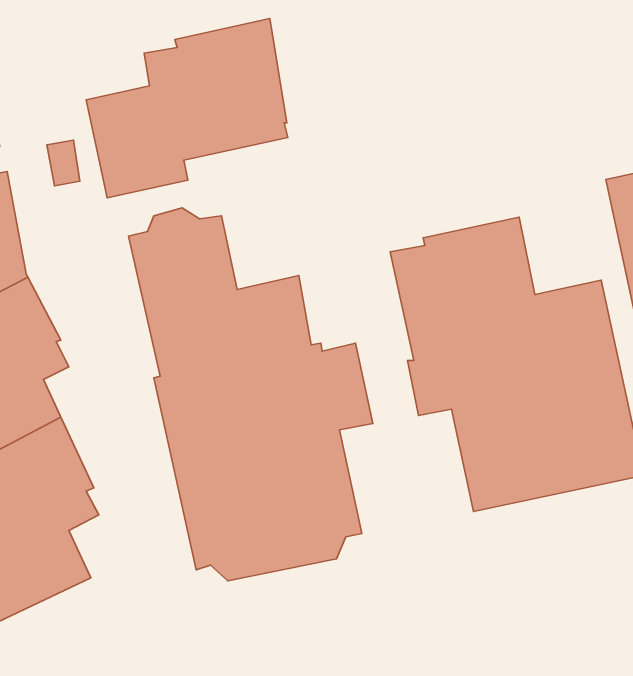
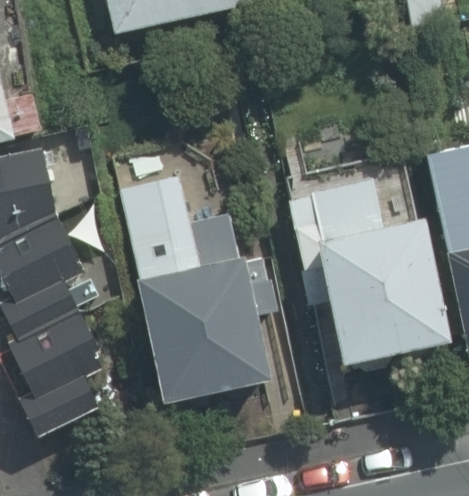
building: [86,19,288,198] -> none

